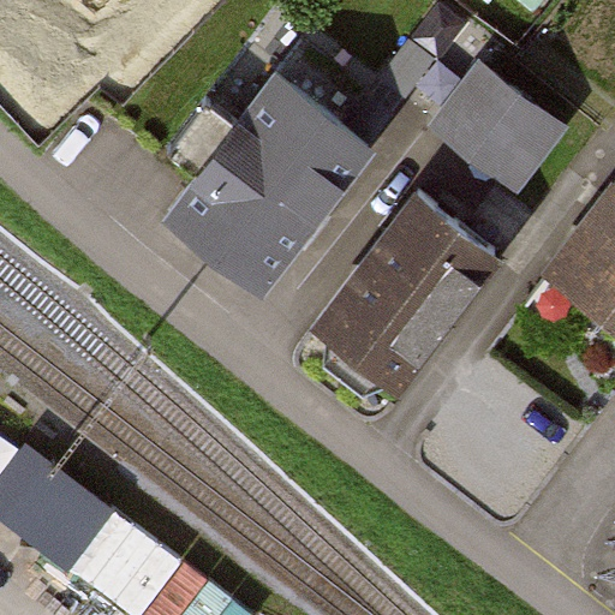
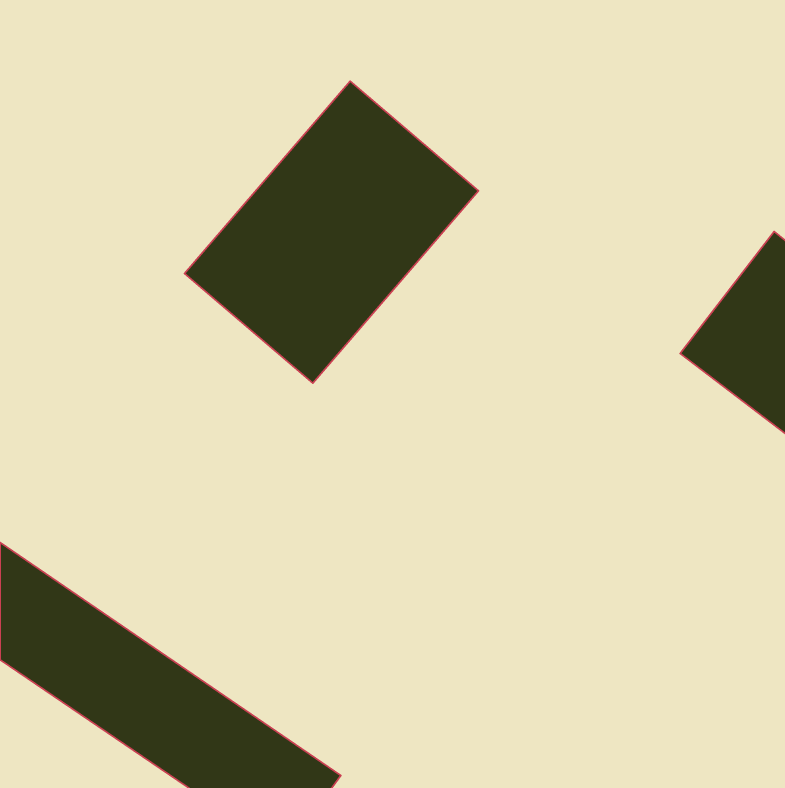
building: [429,68,573,211] -> none
building: [293,202,495,417] -> none

